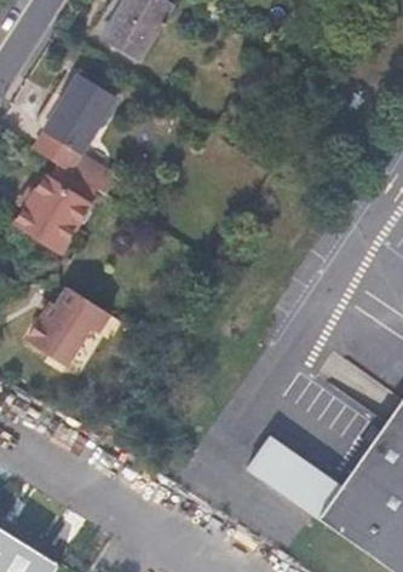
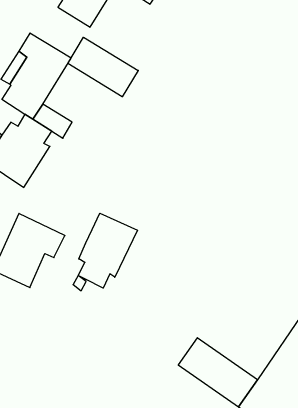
building: none -> [68,37,138,97]
building: none -> [78,213,137,288]

